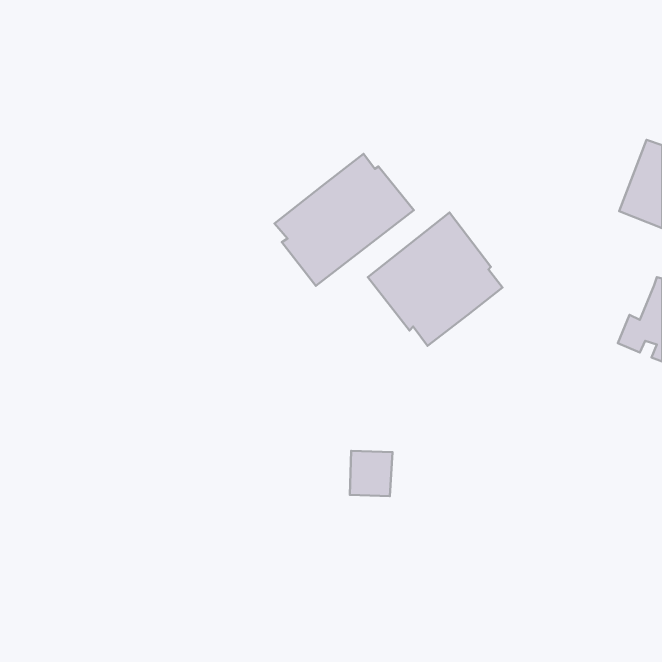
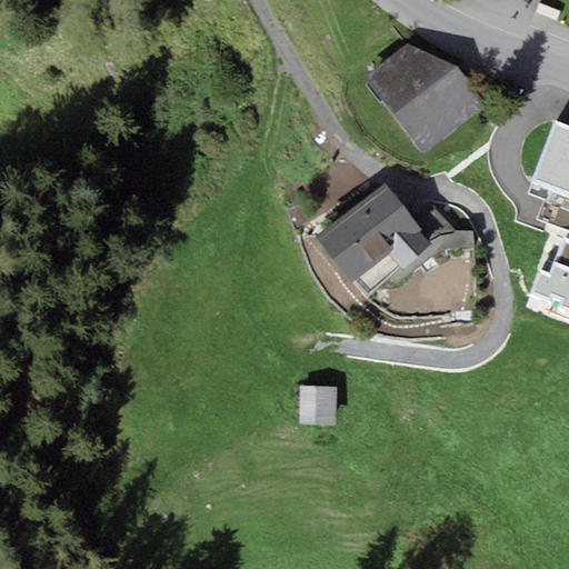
building: none -> [368,43,487,153]
building: [275,154,414,286] -> none

